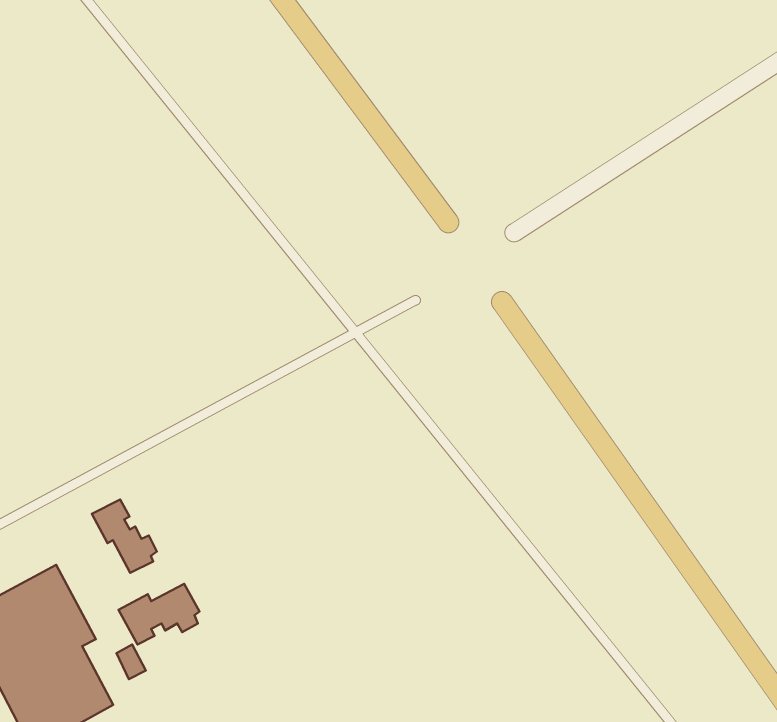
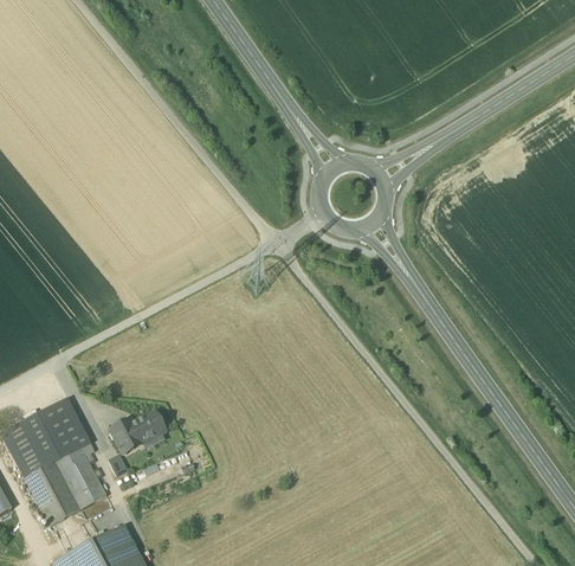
building: [92,499,157,573] -> none

